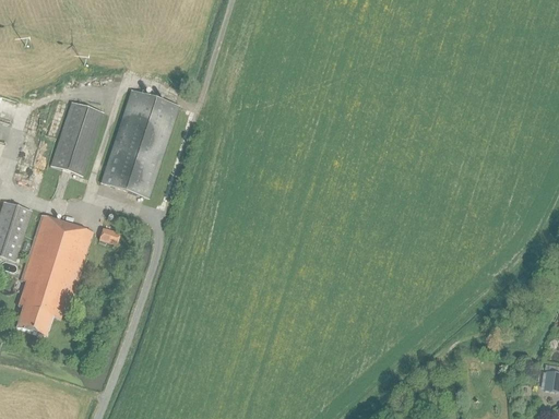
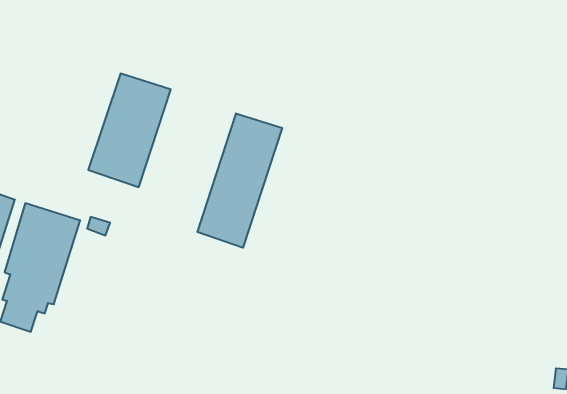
building: [50,99,104,175] -> none
building: none -> [197,113,282,248]

